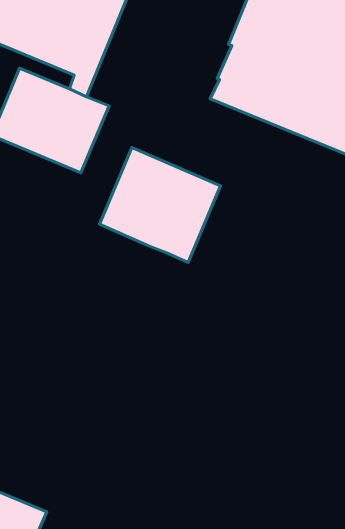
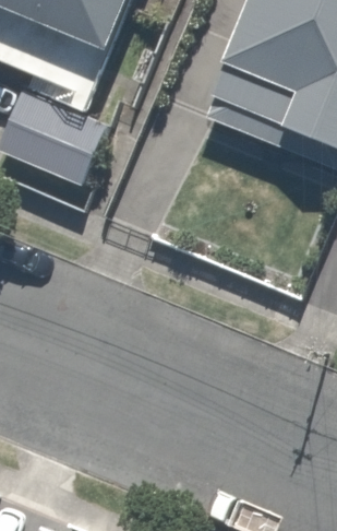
building: [99,148,220,262] -> none

